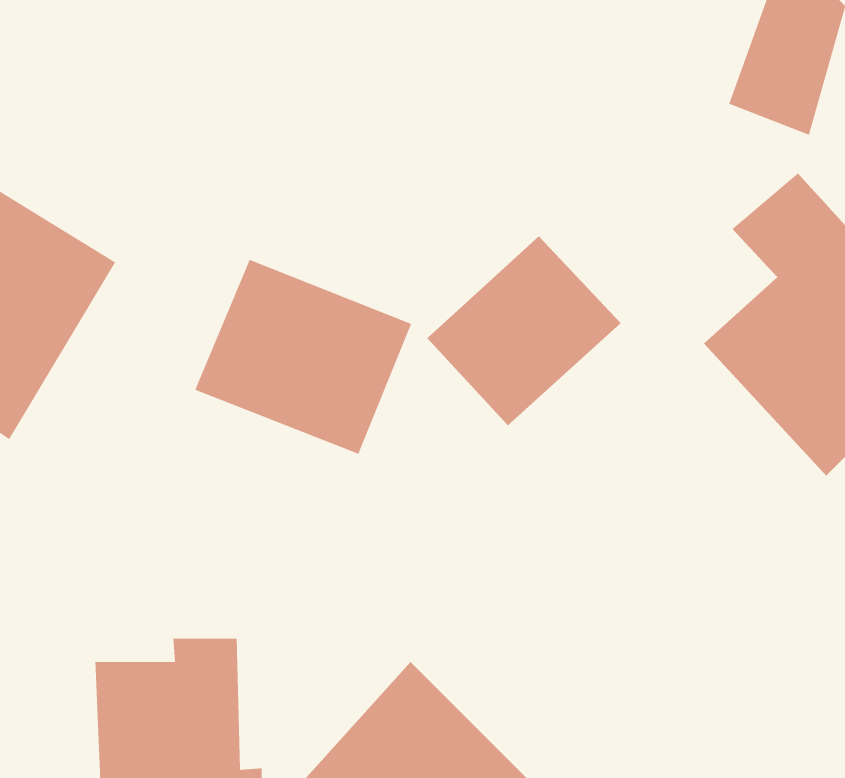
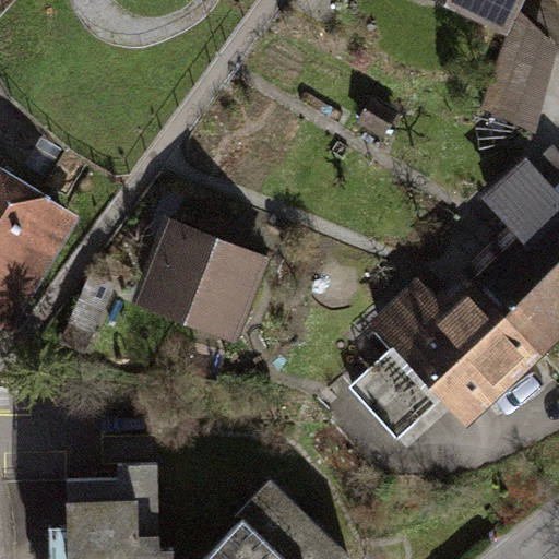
building: [426,236,622,426] -> none
building: none -> [348,271,545,441]

